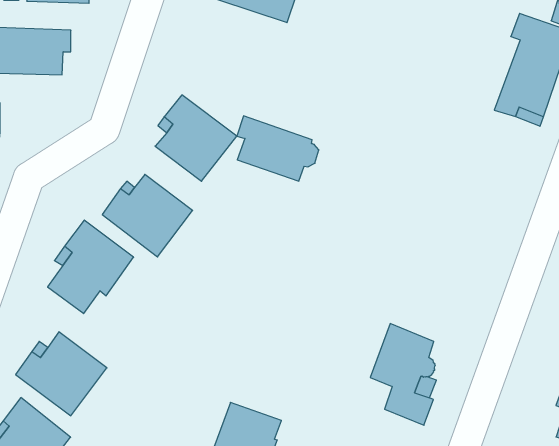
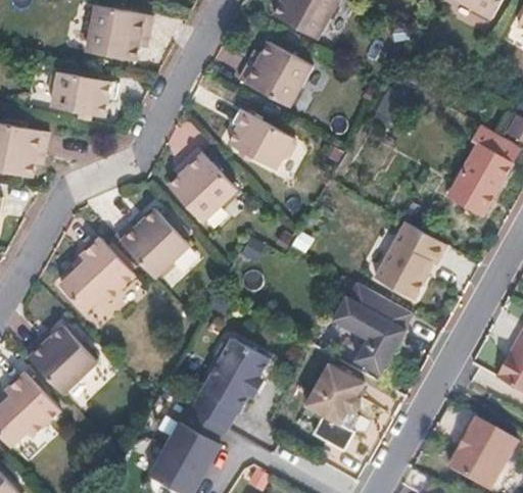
building: [237,116,319,181] -> [226,108,293,168]
building: none -> [376,226,445,300]
building: none -> [336,281,414,374]
building: none -> [195,336,272,425]

